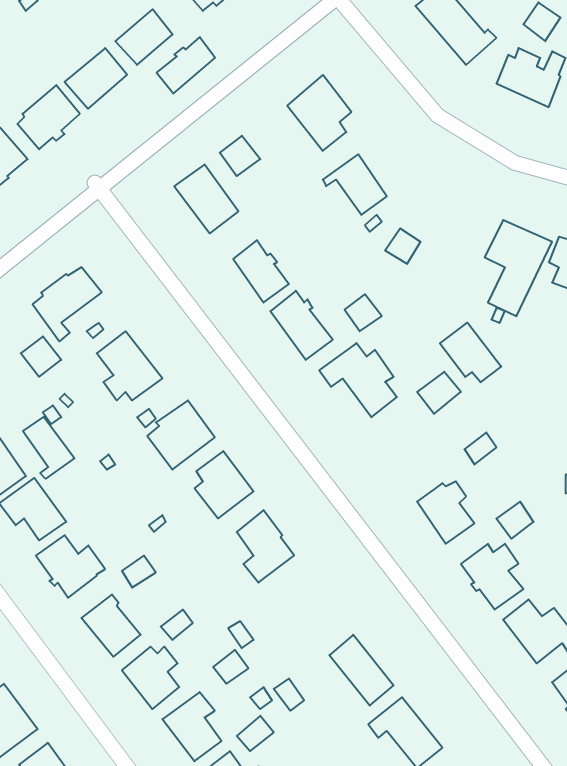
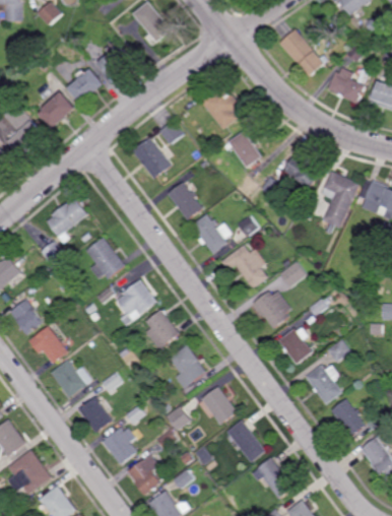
building: [157,37,215,94] -> none
building: none -> [283,151,322,188]
building: [440,323,501,382] -> none
building: [23,417,74,479] -> none
building: none -> [252,291,288,328]
building: none -> [187,386,237,425]

